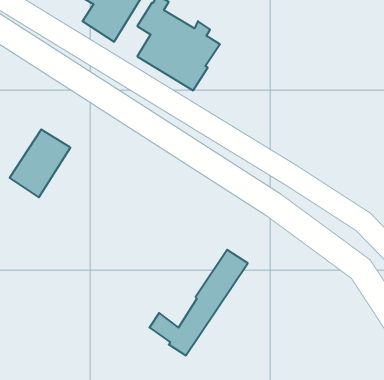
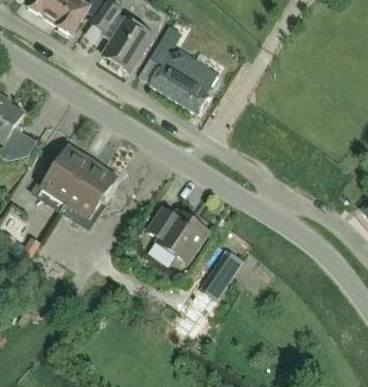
building: none -> [66,161,116,219]
building: none -> [147,206,211,263]

